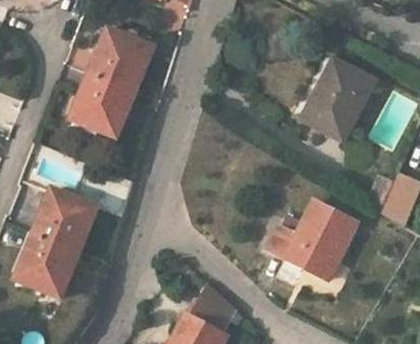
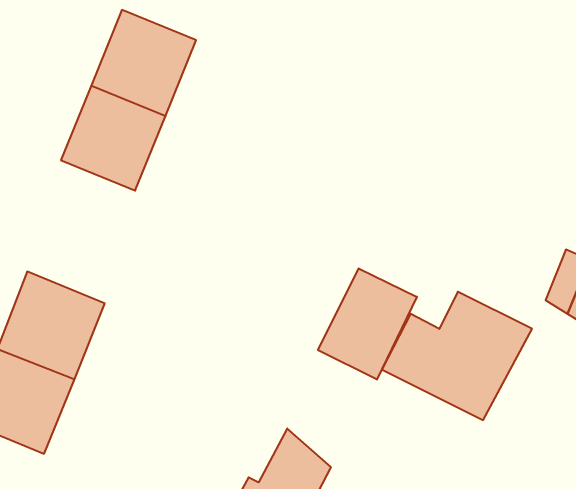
building: [302,57,376,141] -> none
building: none -> [318,268,417,380]

